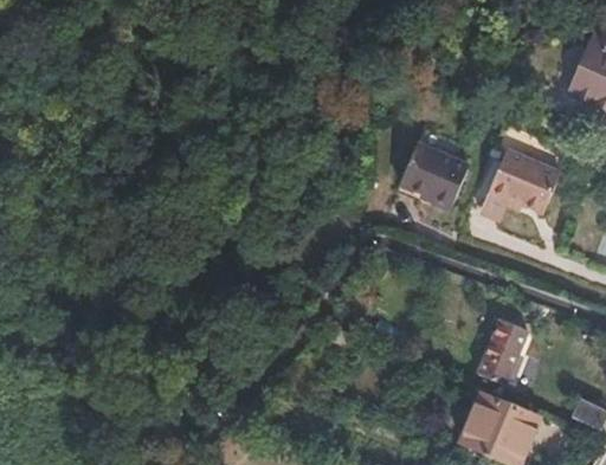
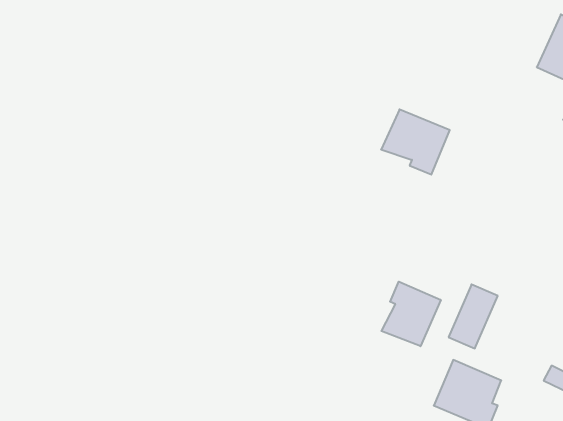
building: [491,151,565,213] -> none
building: none -> [381,282,441,346]

